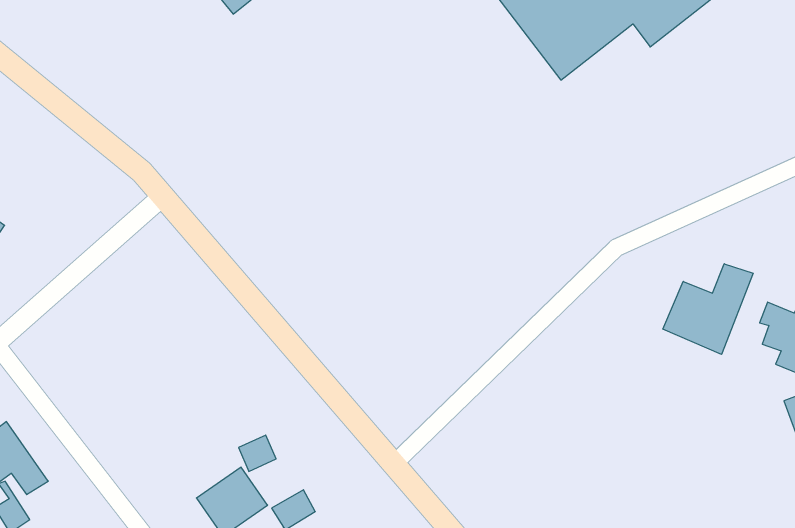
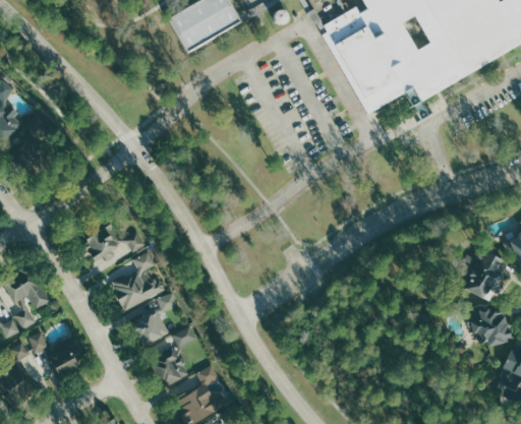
building: [663,264,753,354] -> none
building: none -> [82,226,146,272]
building: none -> [111,252,167,311]

